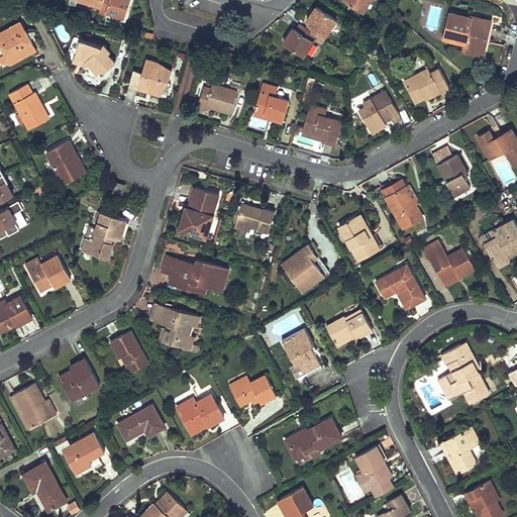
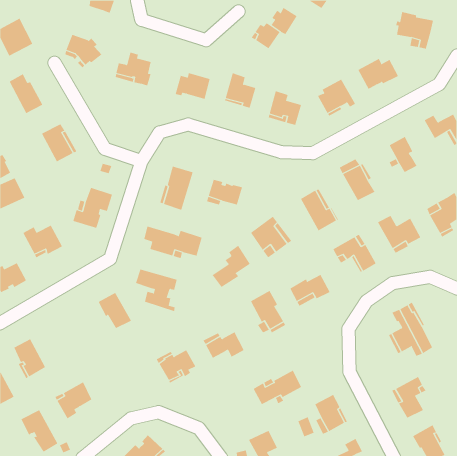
building: none -> [212,245,251,288]
building: [59,358,99,401] -> none
building: [118,406,164,439] -> none

